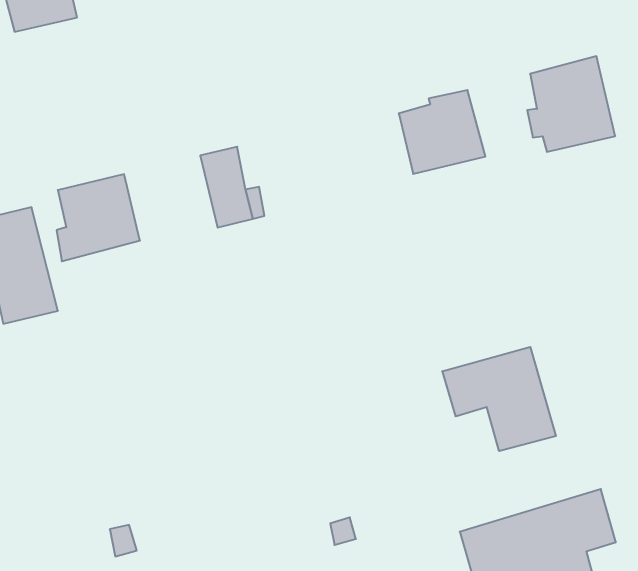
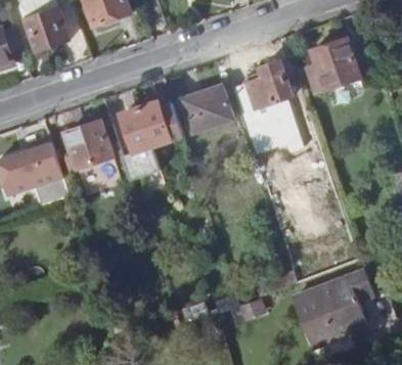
building: none -> [180,81,230,129]
building: none -> [120,107,151,152]
building: [442,347,556,451] -> none

